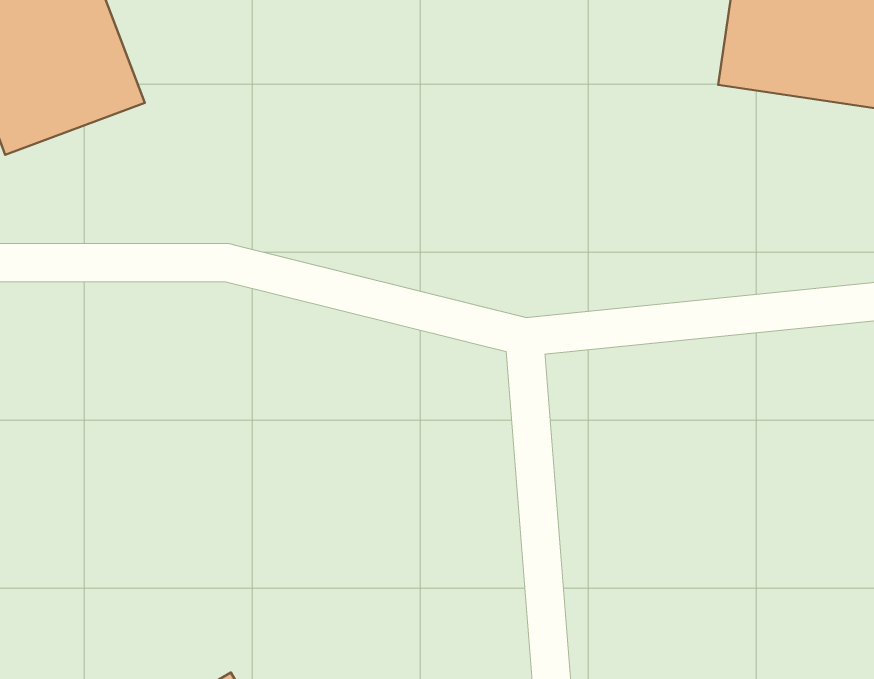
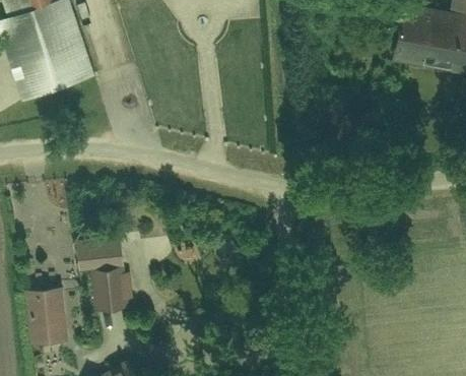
building: none -> [77,235,136,308]
building: none -> [27,285,70,341]

